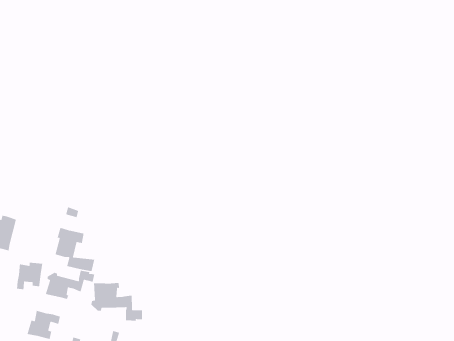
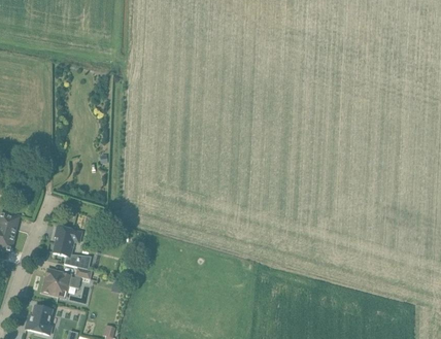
building: [16,262,43,290] -> none
building: [91,282,143,321] -> none

